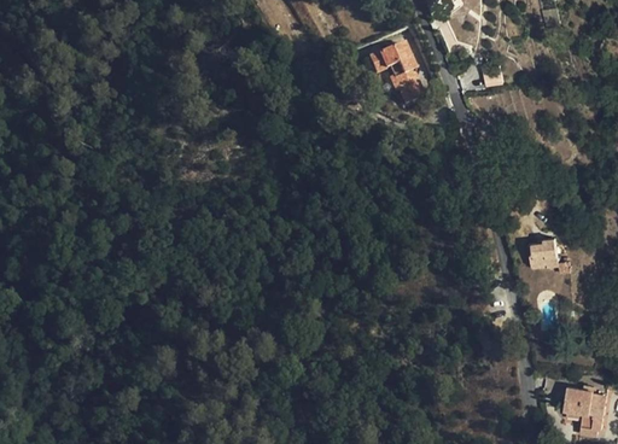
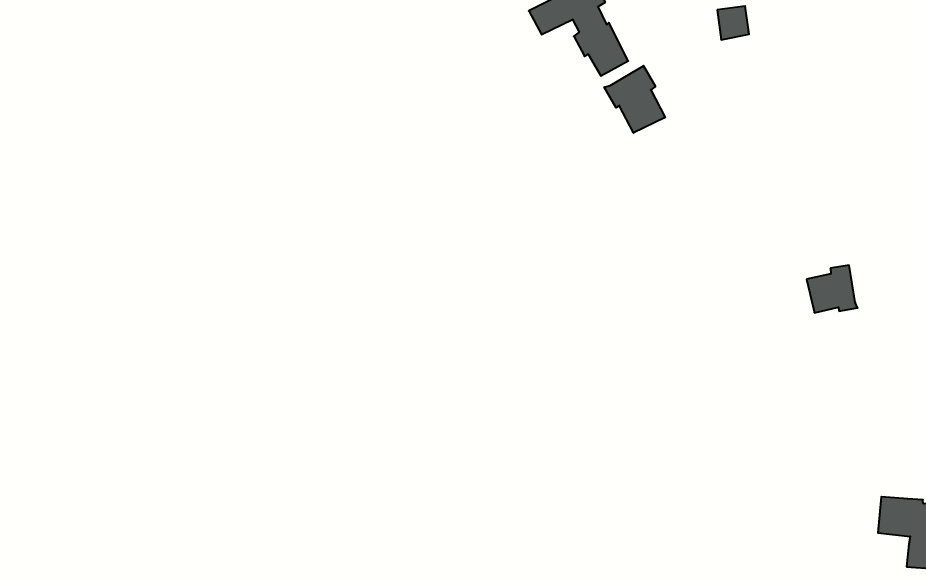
building: none -> [604,66,665,133]

